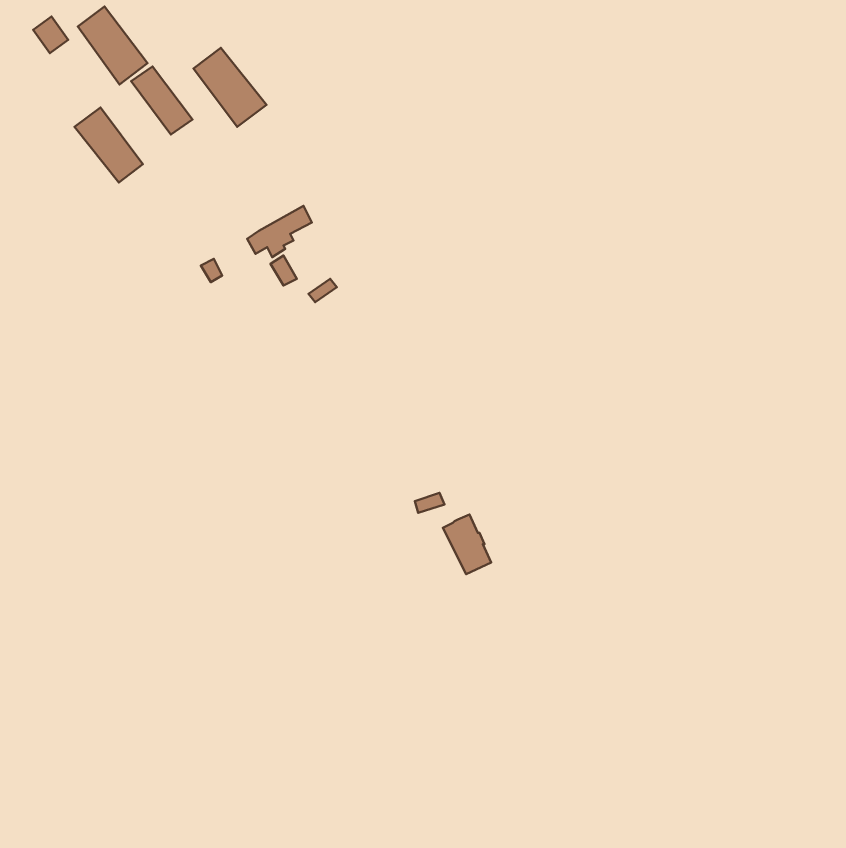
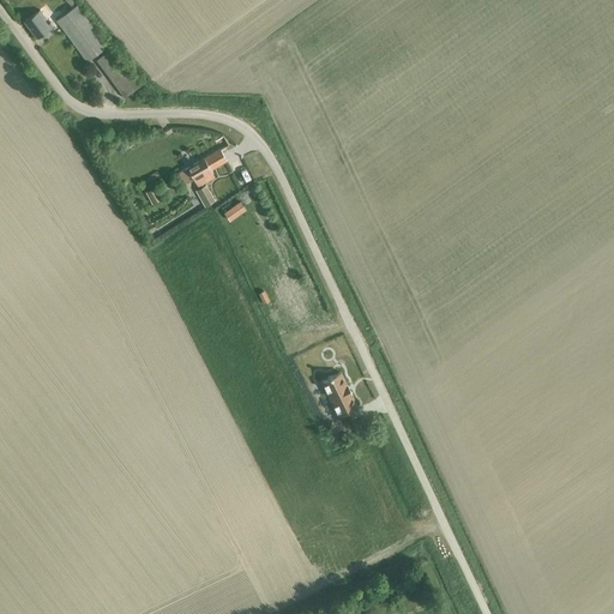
building: [194,48,267,127] -> none
building: [75,107,143,183] -> none

